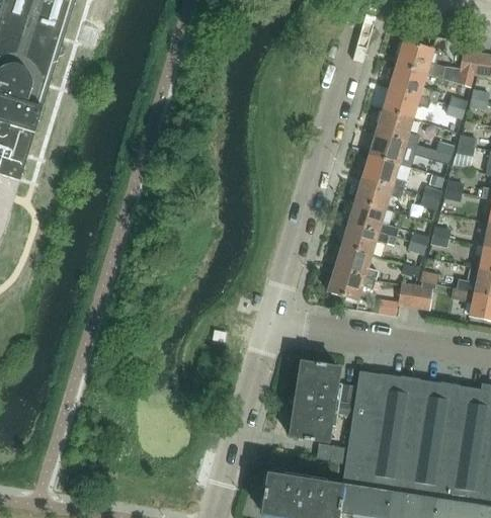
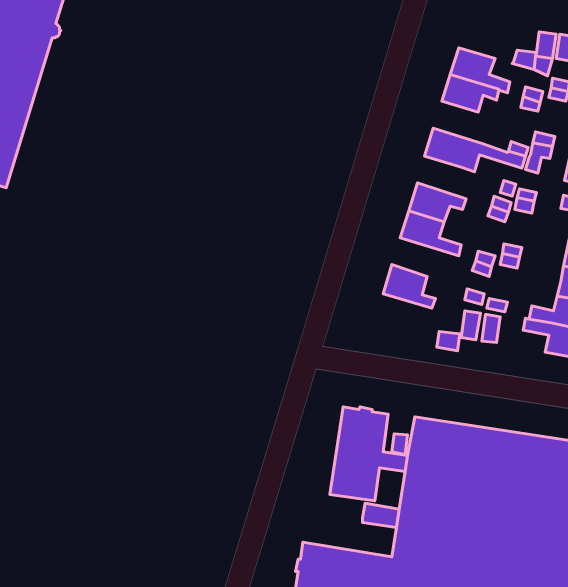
building: [397,40,440,76] -> none
building: [376,108,420,144] -> none
building: [362,154,410,189] -> none
building: [341,222,397,254] -> none
building: [327,268,375,300] -> none

